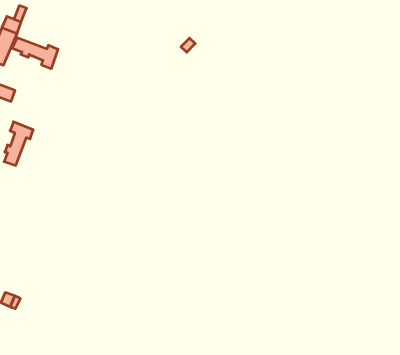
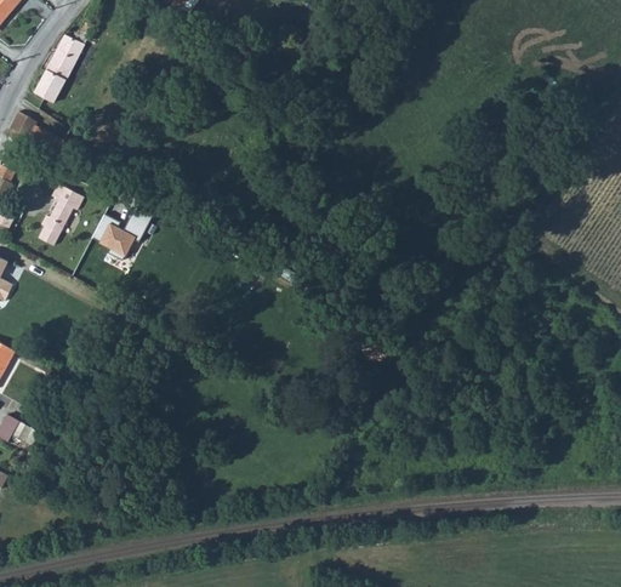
building: [12,37,58,69] -> none
building: none -> [98,215,144,262]

